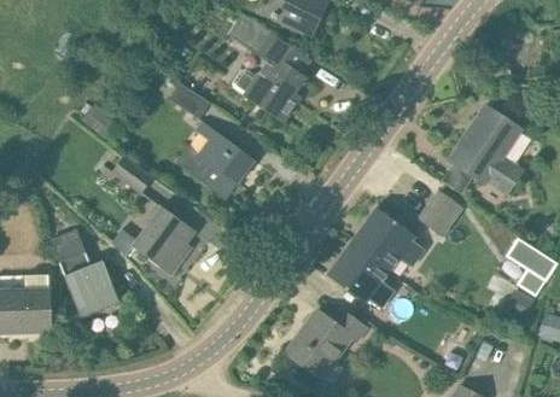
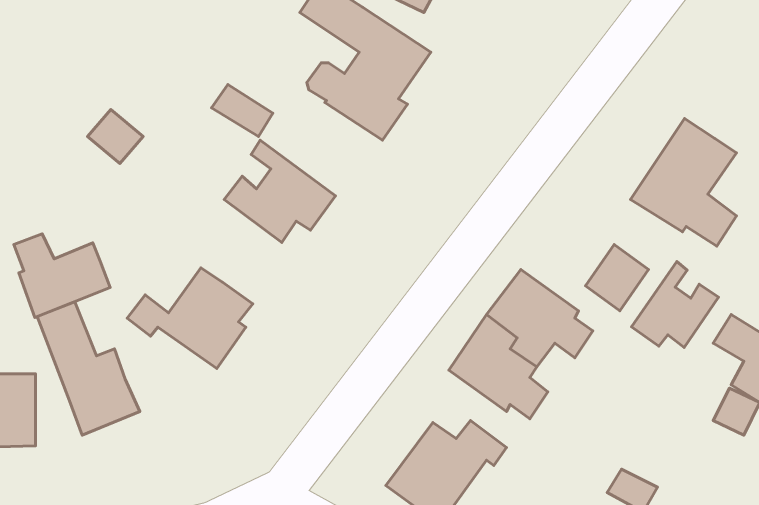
building: [111,156,152,193] -> none
building: none -> [14,234,110,317]
building: none -> [631,262,719,347]

